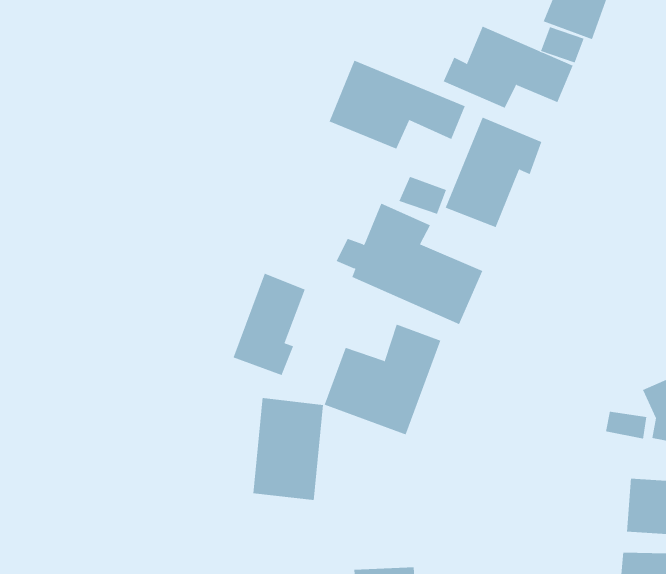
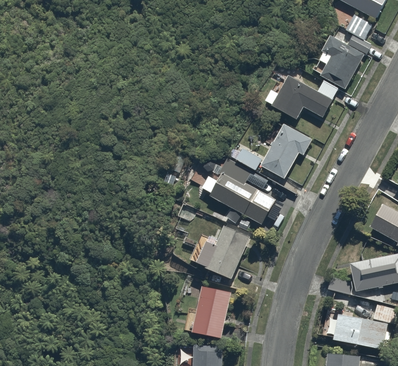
building: [329,60,465,150] -> none
building: [233,273,306,376] -> none
building: [252,398,324,501] -> [193,283,234,338]

